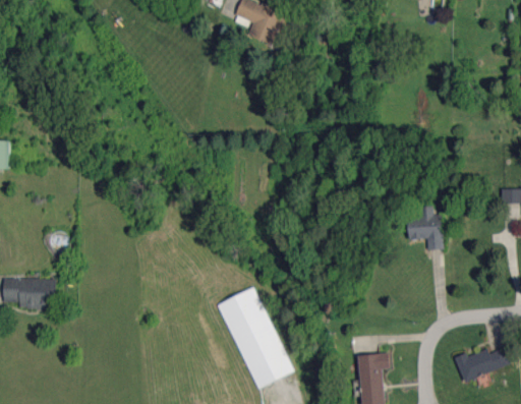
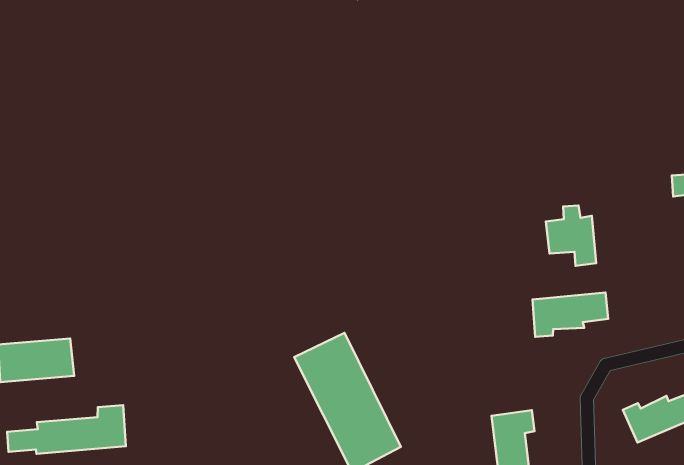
building: none -> [533,293,608,337]
building: none -> [7,405,126,454]

